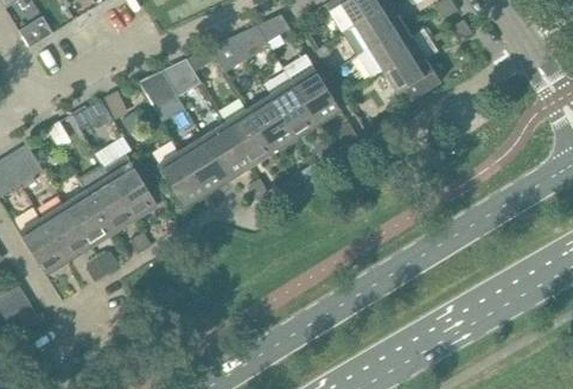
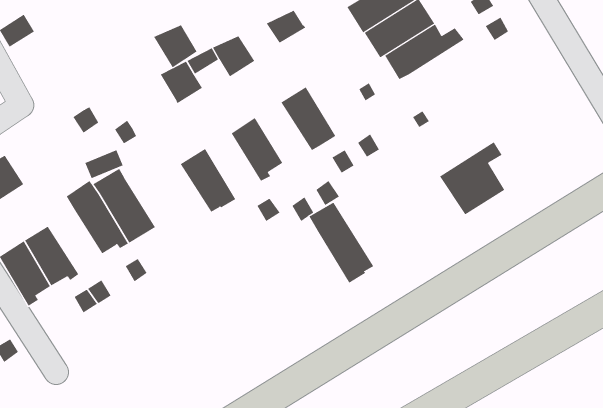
building: [382,39,440,104] -> [439,141,505,215]
building: [282,53,340,126] -> [308,202,374,284]
building: [136,70,176,108] -> [153,25,197,68]
building: [246,95,295,148] -> none
building: [202,122,250,180] -> none
building: [157,149,206,203] -> none
building: [63,190,110,247] -> none

